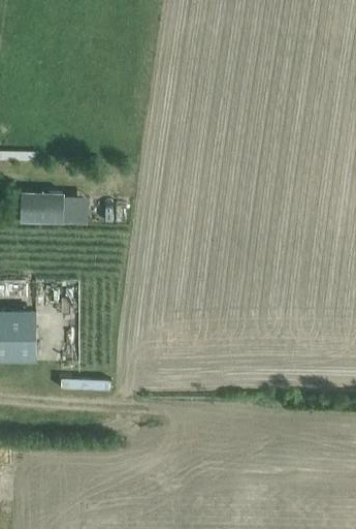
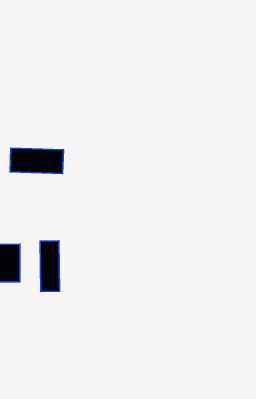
building: none -> [40,241,59,292]

